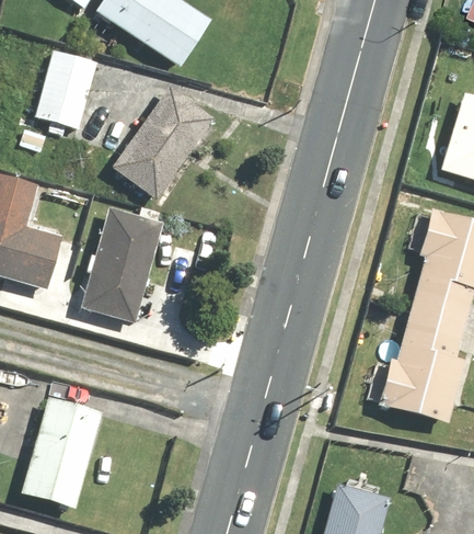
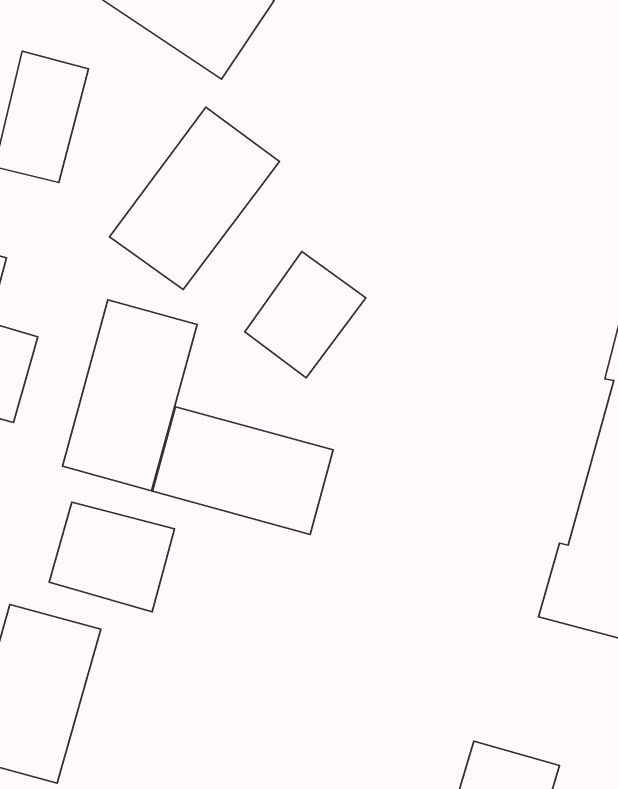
building: none -> [245,251,366,378]
building: none -> [152,407,333,534]
building: none -> [49,502,174,612]

